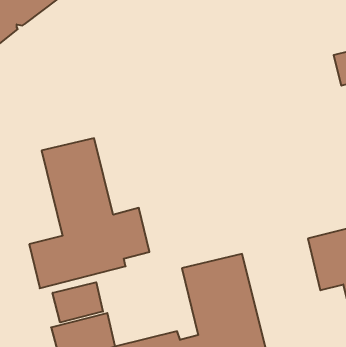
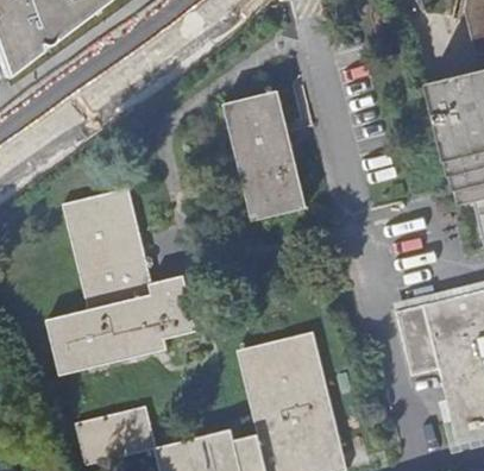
building: none -> [224,90,307,220]
building: [53,282,103,322] -> none

